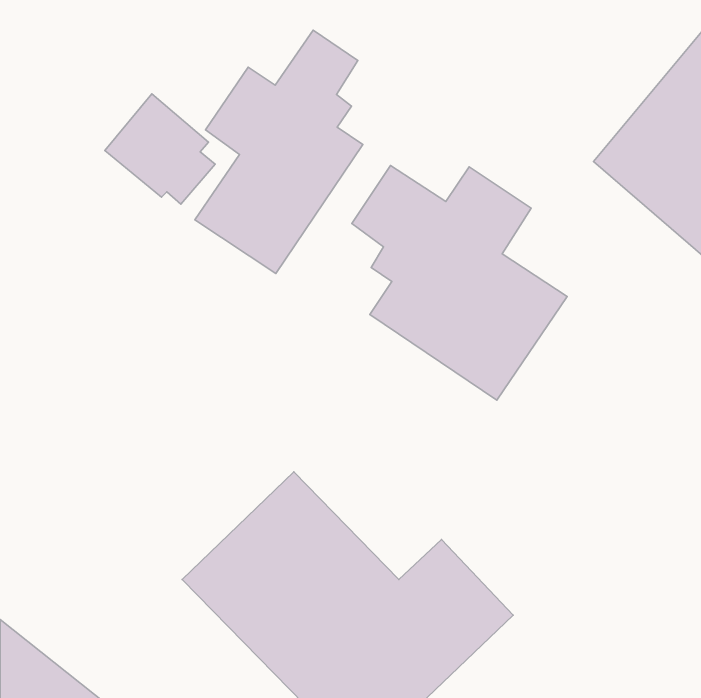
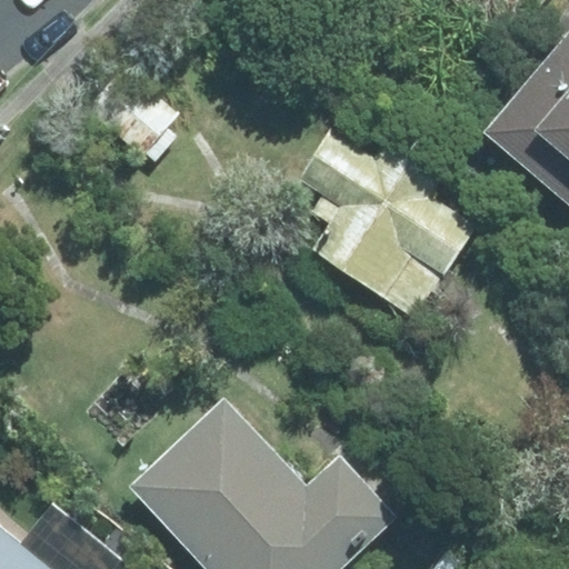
building: [195,30,363,274] -> none

